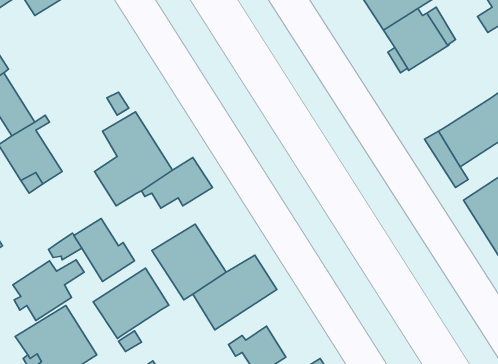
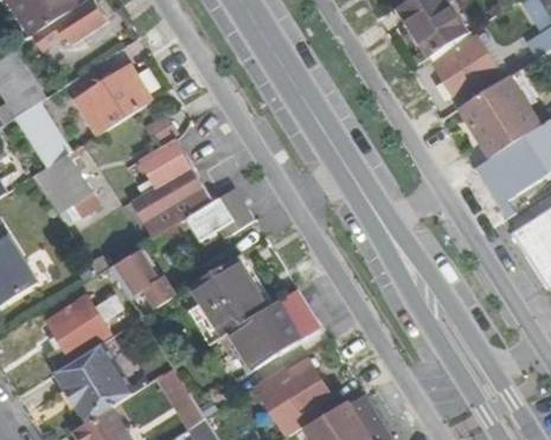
building: none -> [76,65,150,133]
building: none -> [461,77,540,158]
building: [93,268,169,339] -> none

